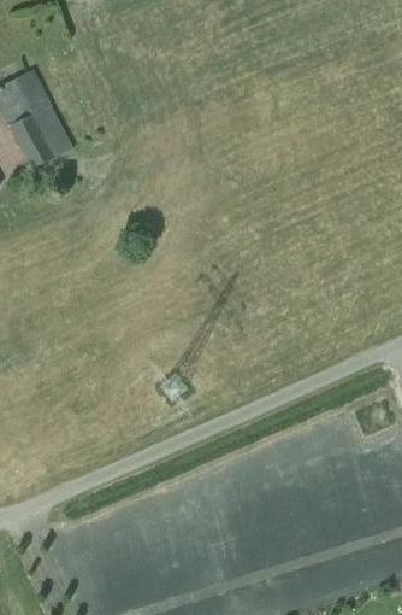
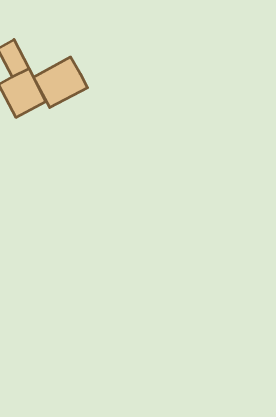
building: none -> [34,57,88,108]

